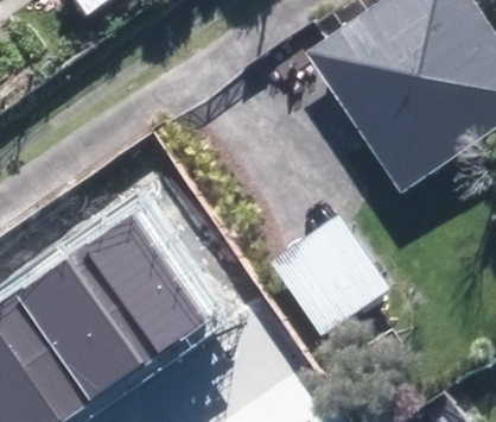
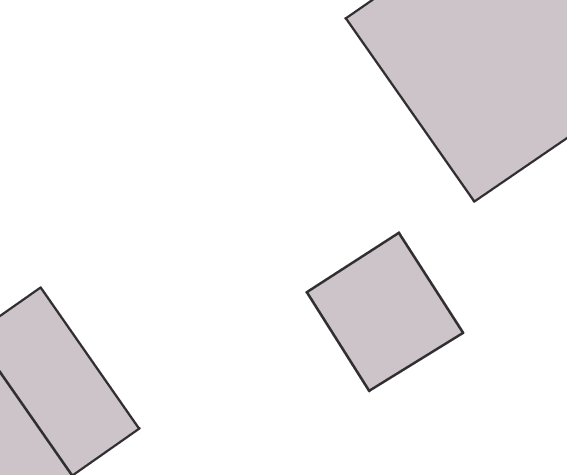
building: [71,213,211,365] -> none

